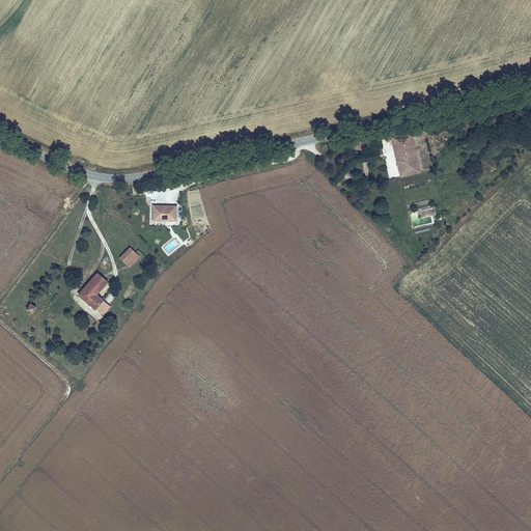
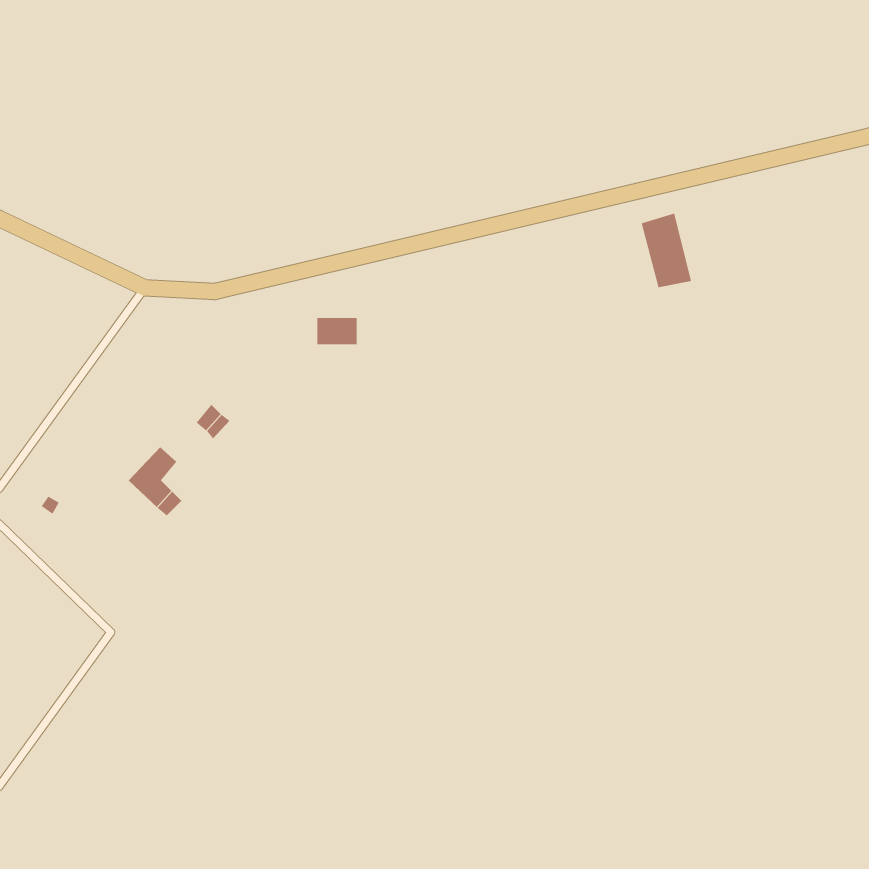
building: [151,205,176,222] -> [317,317,357,345]

